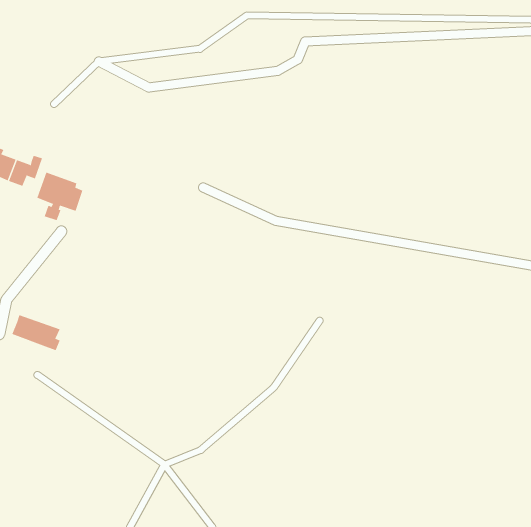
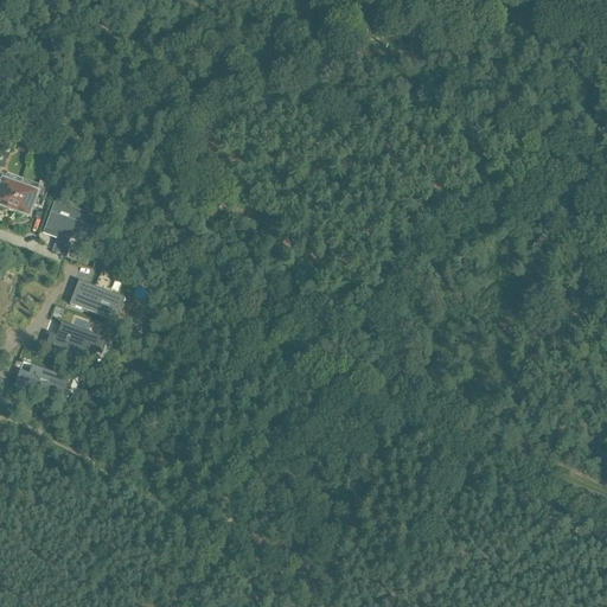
building: none -> [74,277,123,318]
building: none -> [45,318,106,357]

